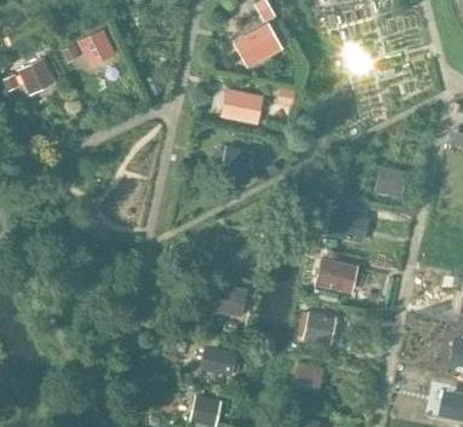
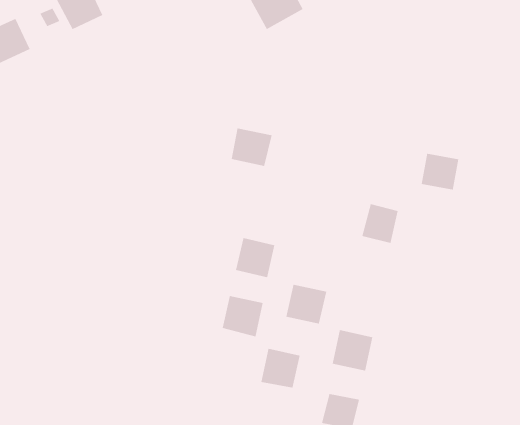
building: [224,93,261,122] -> none
building: [313,258,347,290] -> [285,284,327,324]
building: [199,347,232,380] -> [261,348,301,388]

